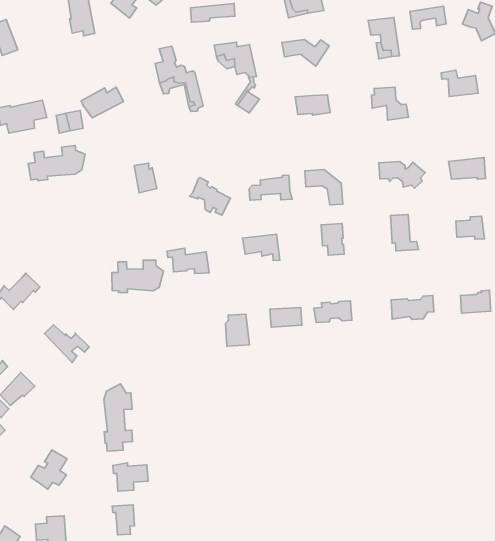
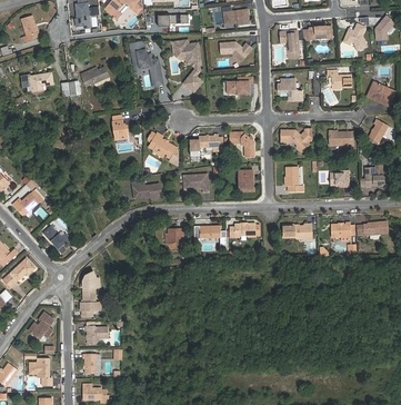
building: [28,145,85,181] -> none
building: [112,260,164,293] -> none

